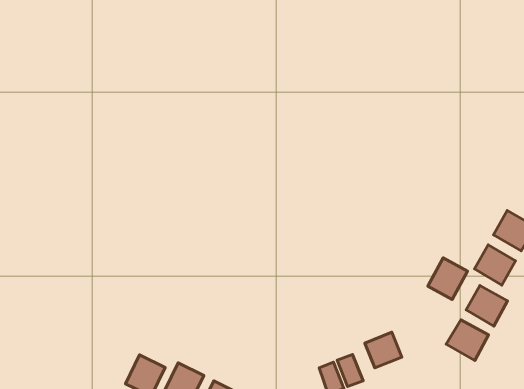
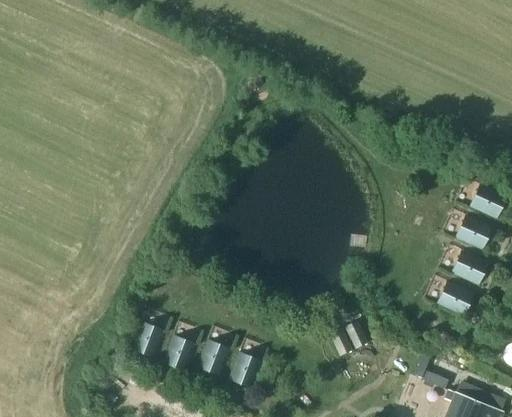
building: [428,258,468,299] -> none
building: [365,332,402,368] -> none
building: none -> [131,322,164,357]

